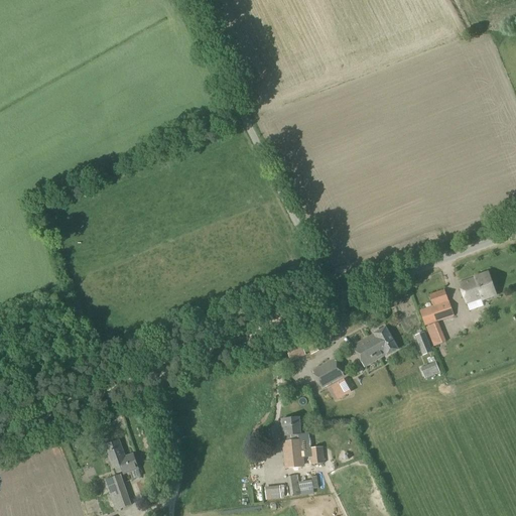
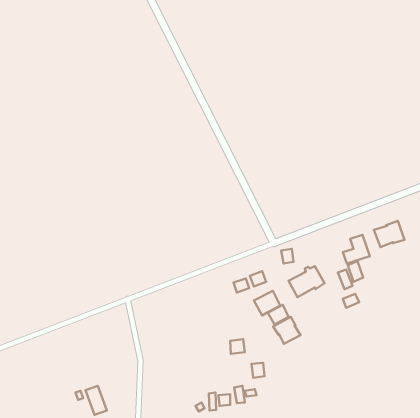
building: none -> [273,317,300,344]
building: [105,439,138,473] -> none
building: [284,439,302,466] -> none

